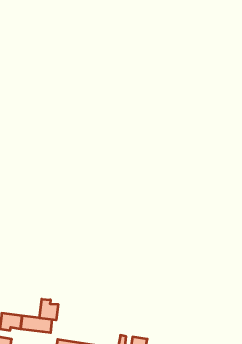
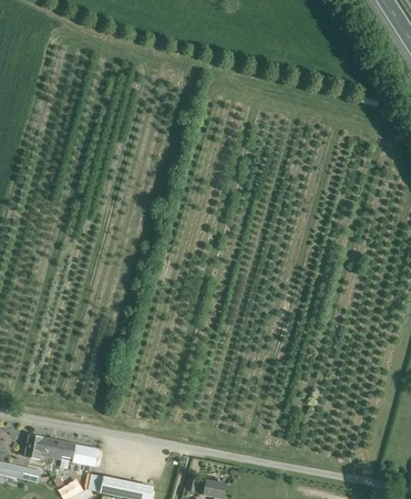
building: [40,299,58,320] -> none

